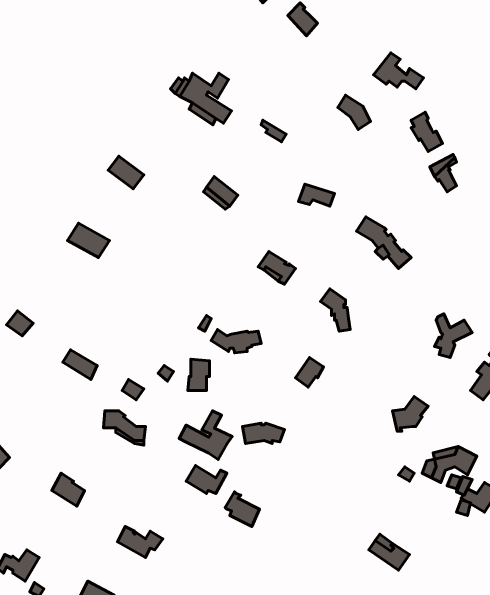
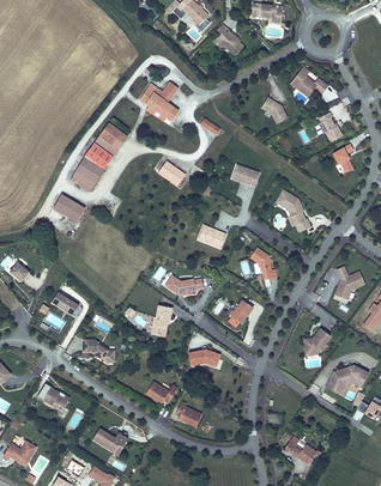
building: none -> [95,123,128,158]
building: none -> [72,159,103,193]
building: [179,411,232,460] -> none

